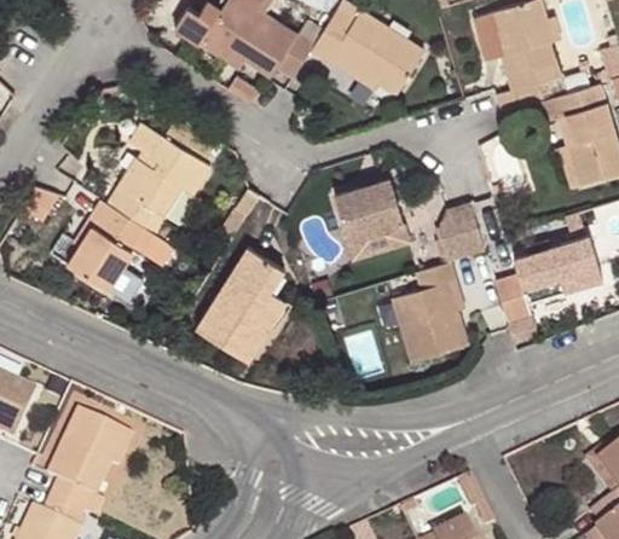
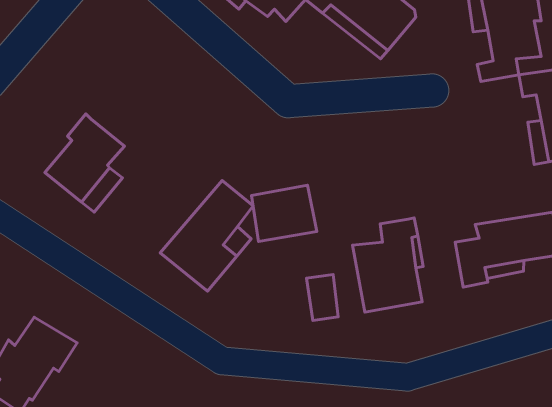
building: [109,135,214,232] -> none
building: [332,176,404,240] -> [252,185,317,242]
building: [434,202,486,262] -> none

